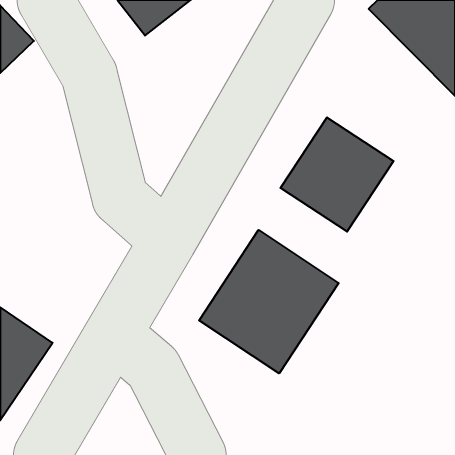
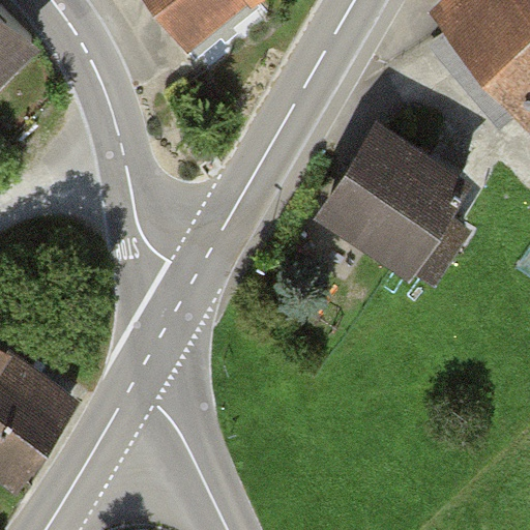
building: [199,230,339,373] -> none

